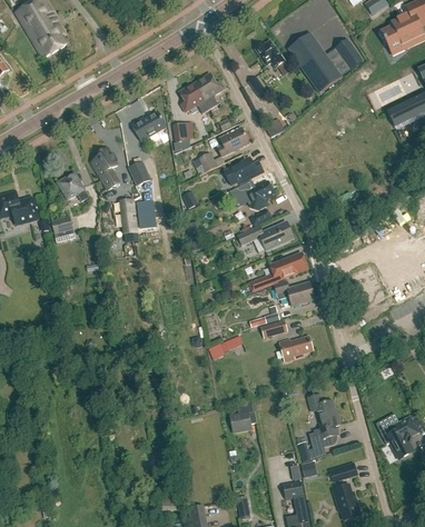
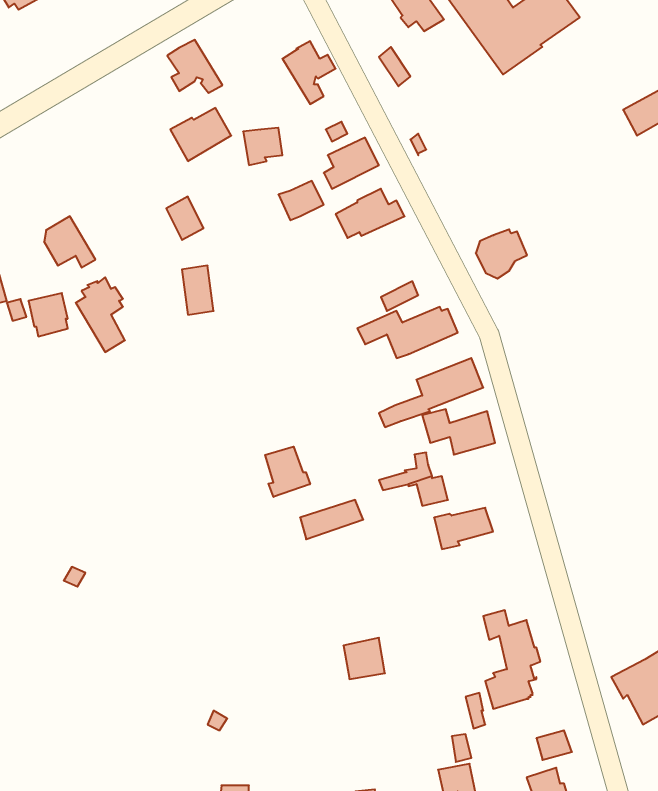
building: [179,82,210,112] -> [167,40,222,93]
building: [91,147,119,189] -> [76,277,125,352]
building: [246,180,275,208] -> [476,229,527,279]
building: none -> [265,447,310,497]

